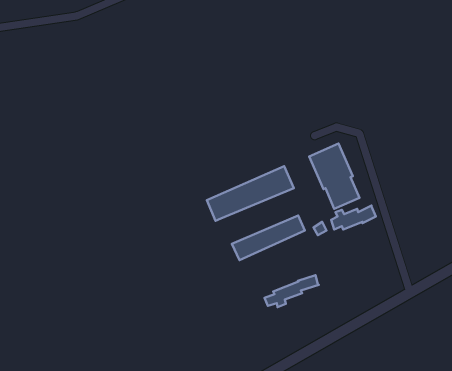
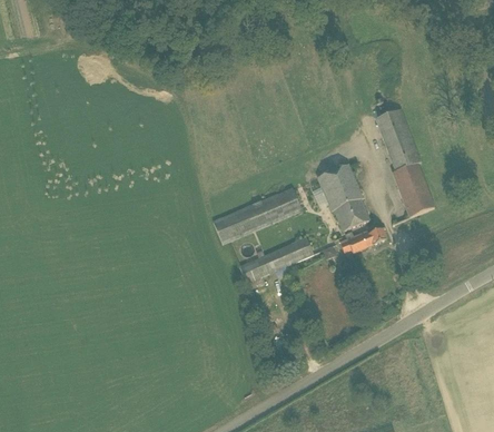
building: none -> [375,110,433,218]
building: [264,275,319,307] -> none

